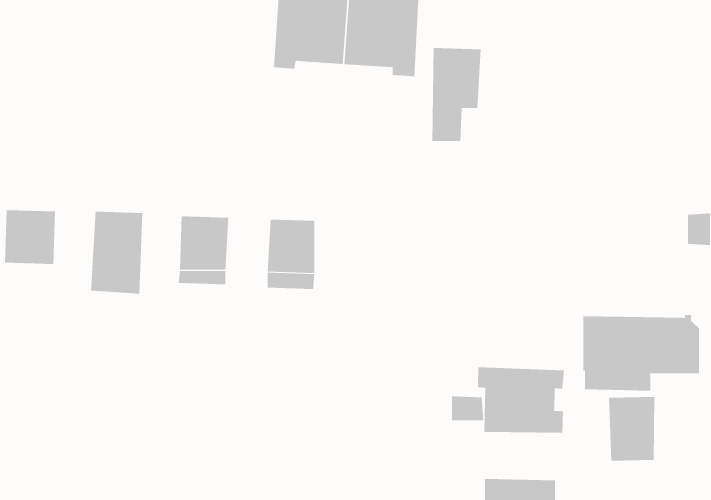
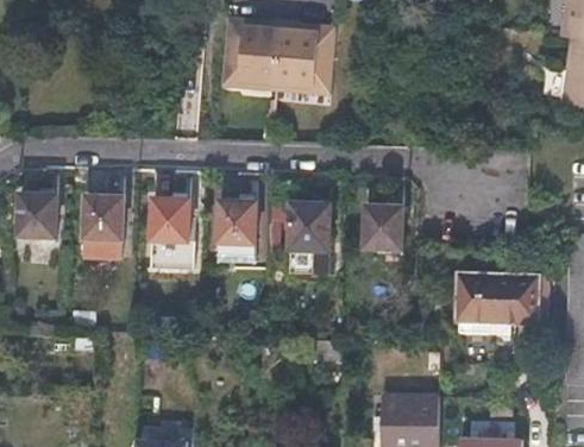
building: [431,48,481,141] -> [290,203,328,275]
building: none -> [363,206,401,247]
building: [477,367,564,434] -> none
building: [608,396,655,461] -> none

